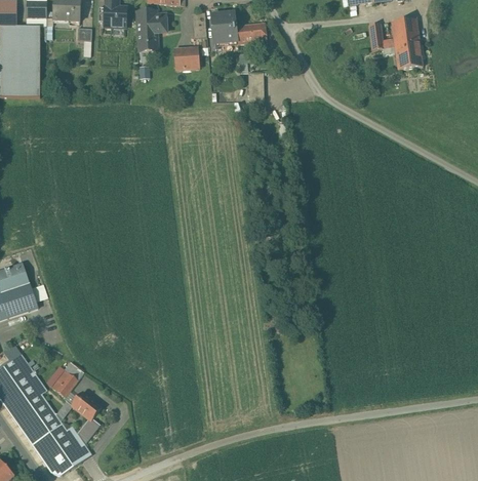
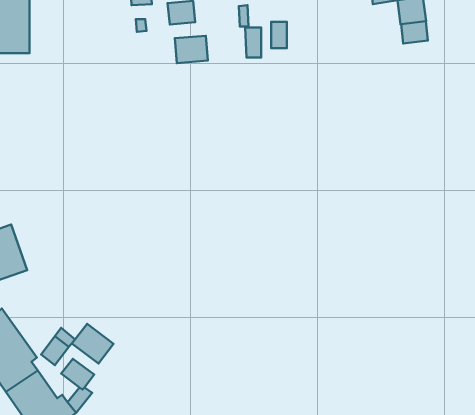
building: none -> [401,21,428,44]
building: none -> [271,22,287,48]
building: none -> [175,36,208,63]
building: none -> [72,324,114,363]

